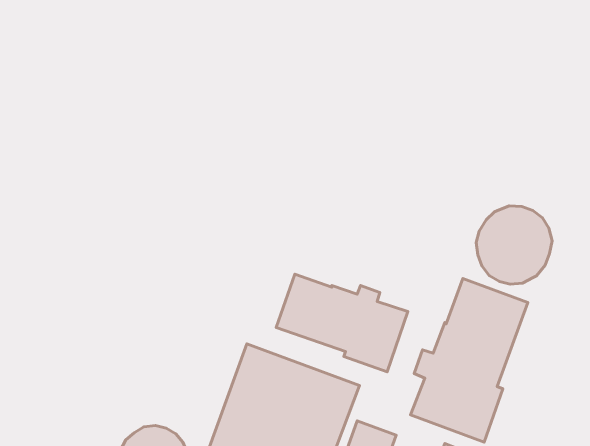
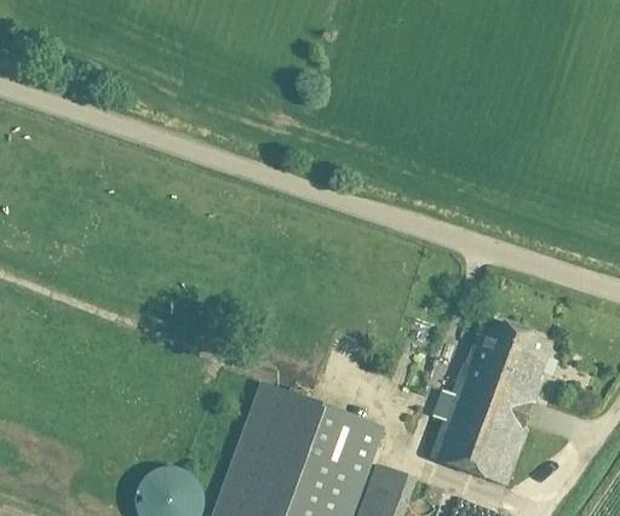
building: [476,206,552,284] -> none
building: [276,274,408,372] -> none

